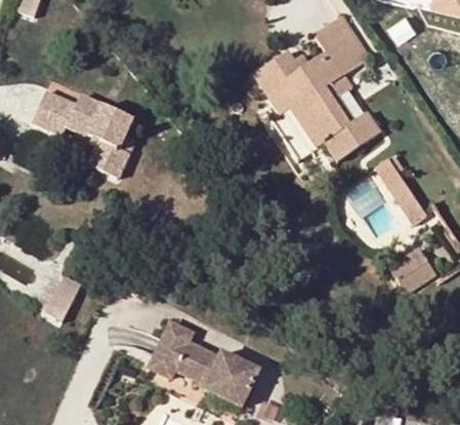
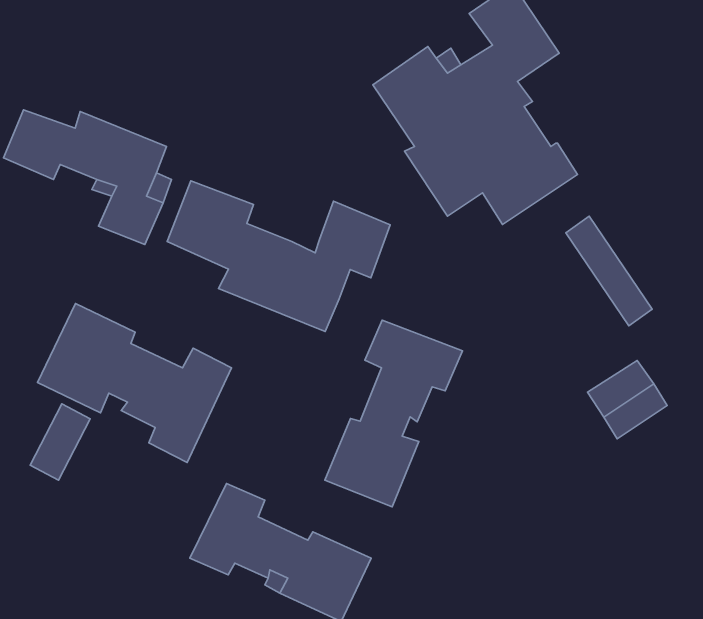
building: none -> [167,181,390,331]
building: none -> [37,303,232,463]
building: none -> [325,320,463,507]

